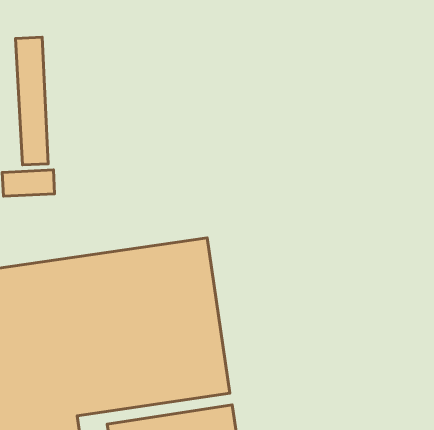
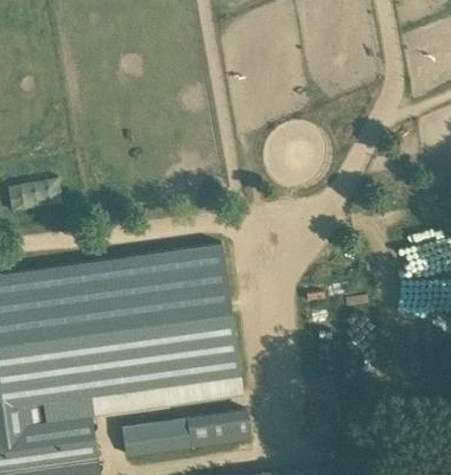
building: [16,37,48,165] -> none

